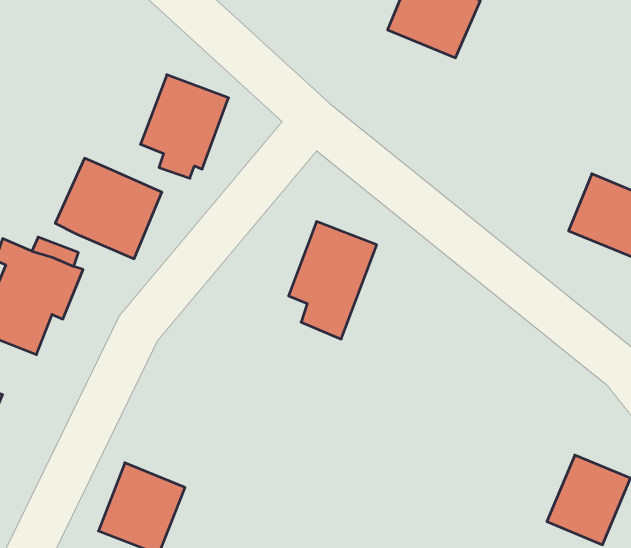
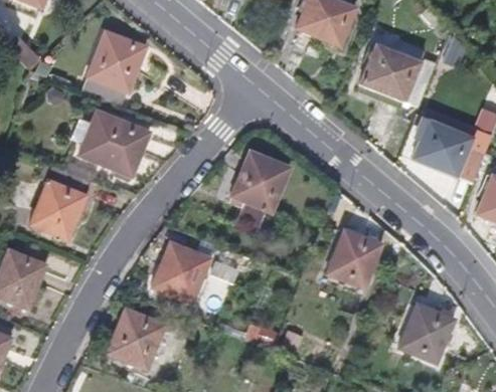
building: none -> [360,46,436,106]
building: [140,75,229,178] -> [88,31,145,99]
building: none -> [326,228,382,288]
building: none -> [152,242,209,302]

